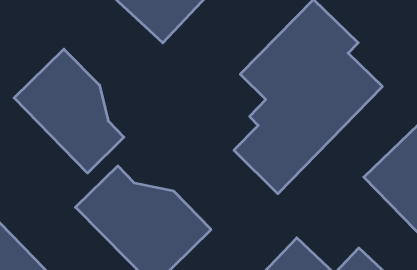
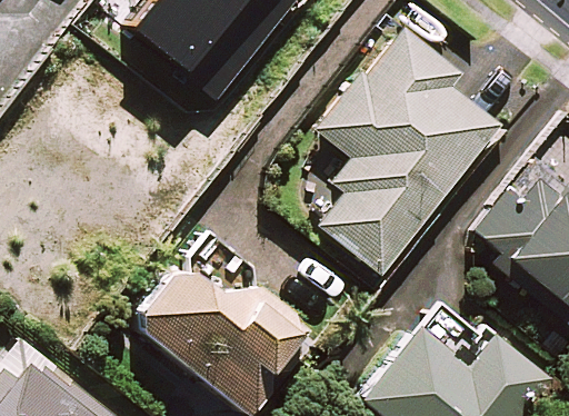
building: [14,49,124,173] -> none

